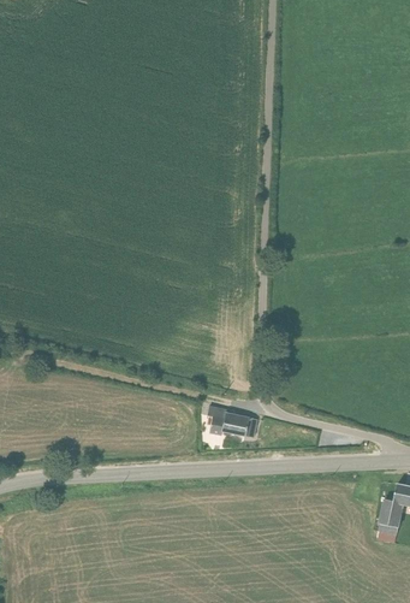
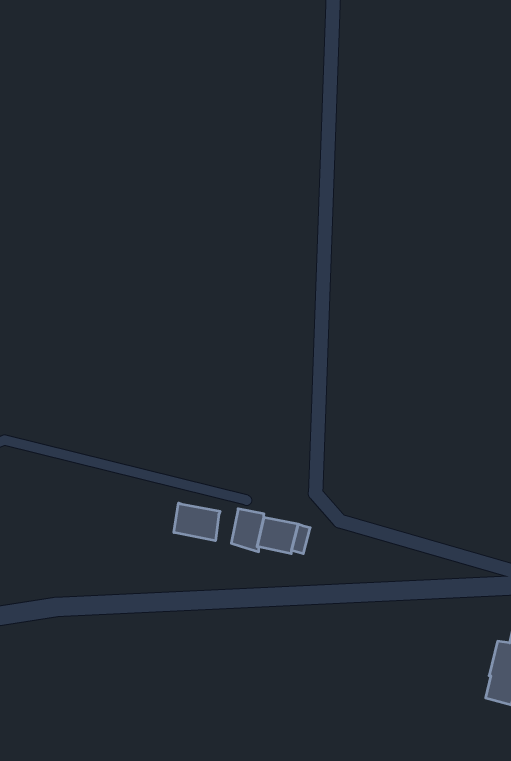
building: none -> [174,503,220,541]

